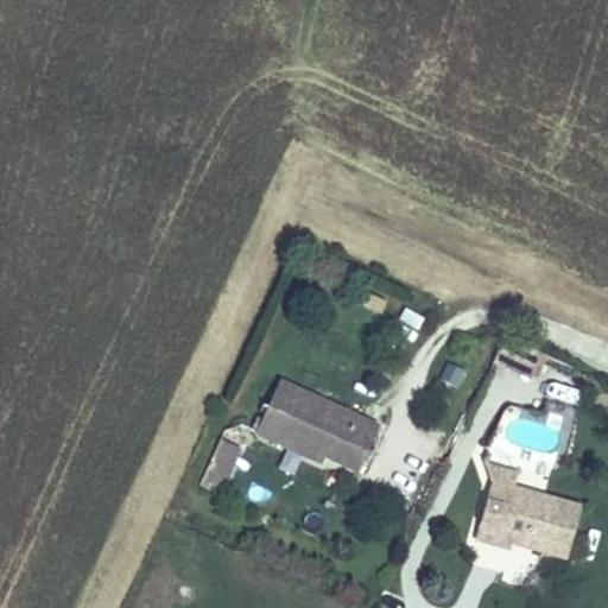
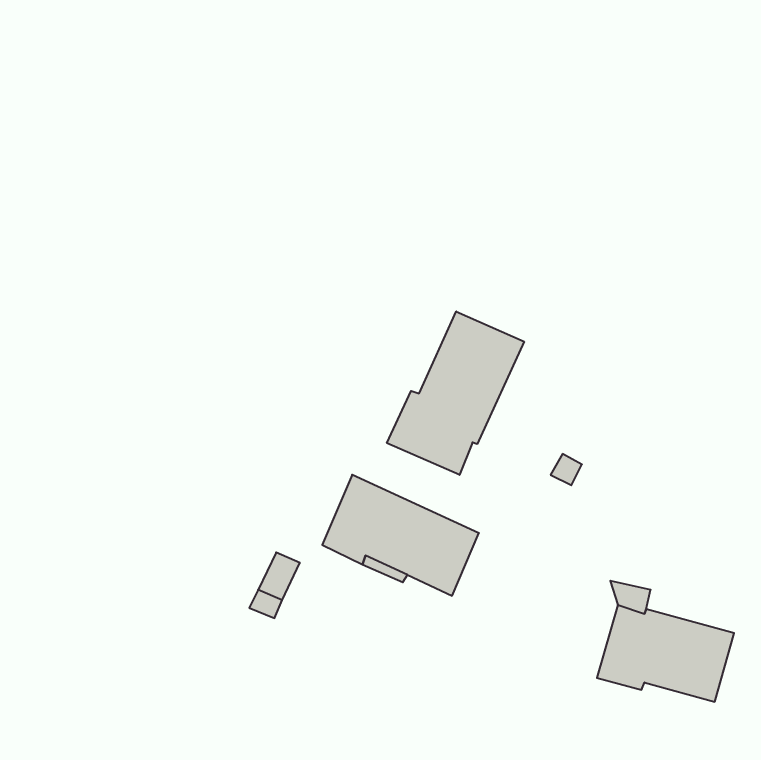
building: none -> [387,311,524,475]

